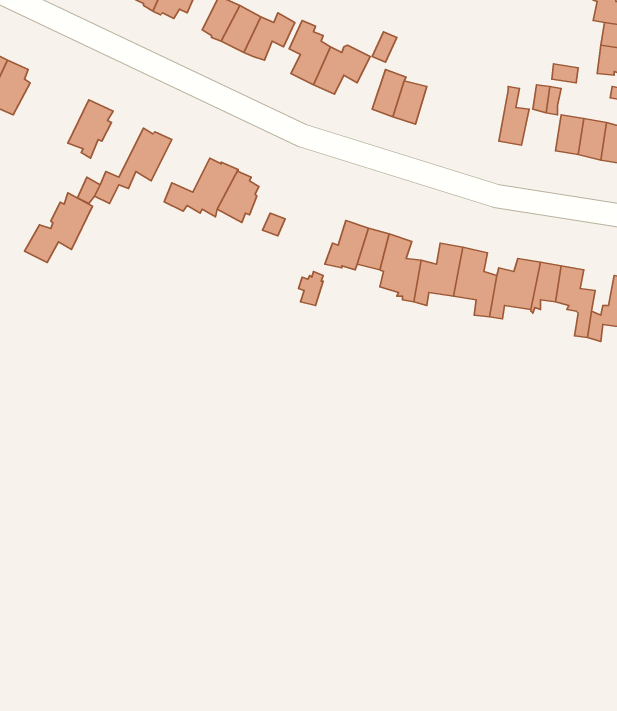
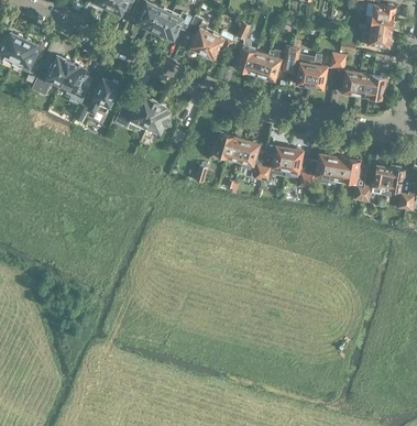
building: none -> [289,46,316,86]
building: none -> [262,50,286,79]
building: [24,193,92,263] -> [32,54,72,95]

